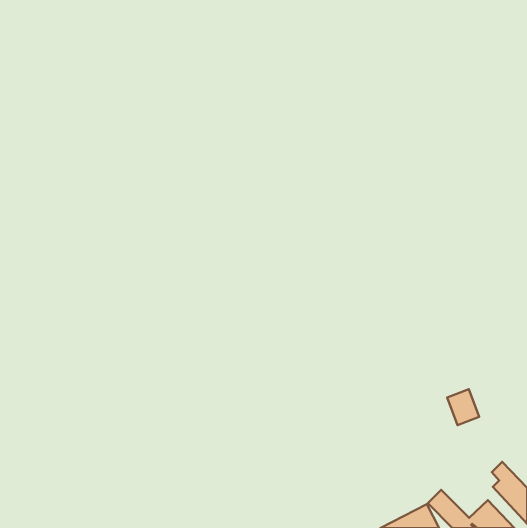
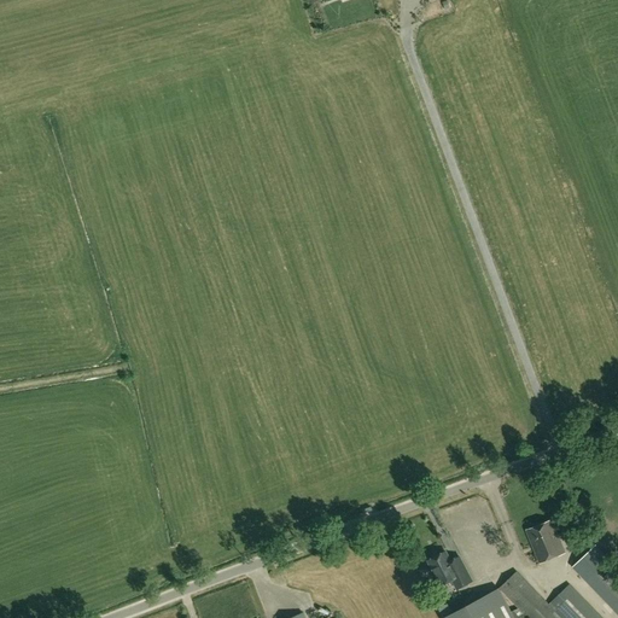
building: [447,389,479,425] -> [526,520,564,562]
building: none -> [427,552,471,589]

